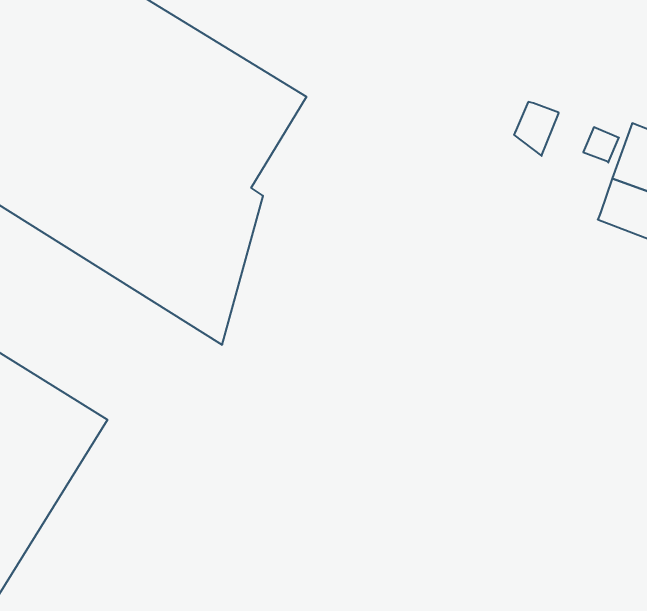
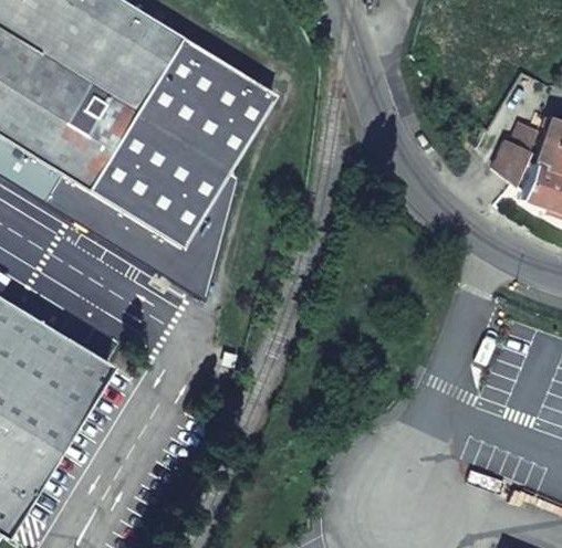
building: [514,102,559,156] -> [489,137,527,182]

